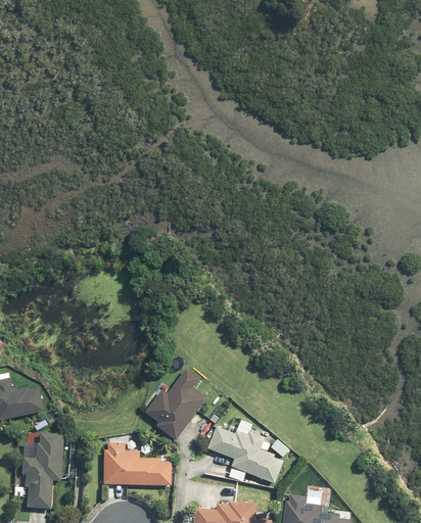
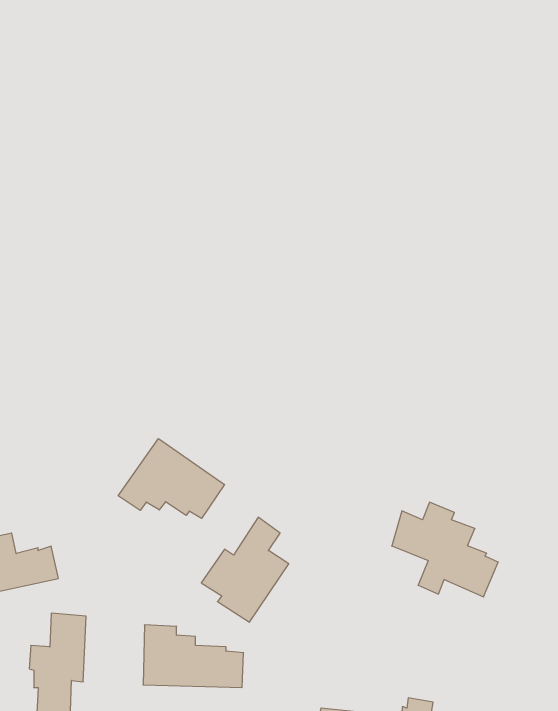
building: none -> [118,439,225,518]
building: [208,419,283,485] -> [392,502,498,597]

